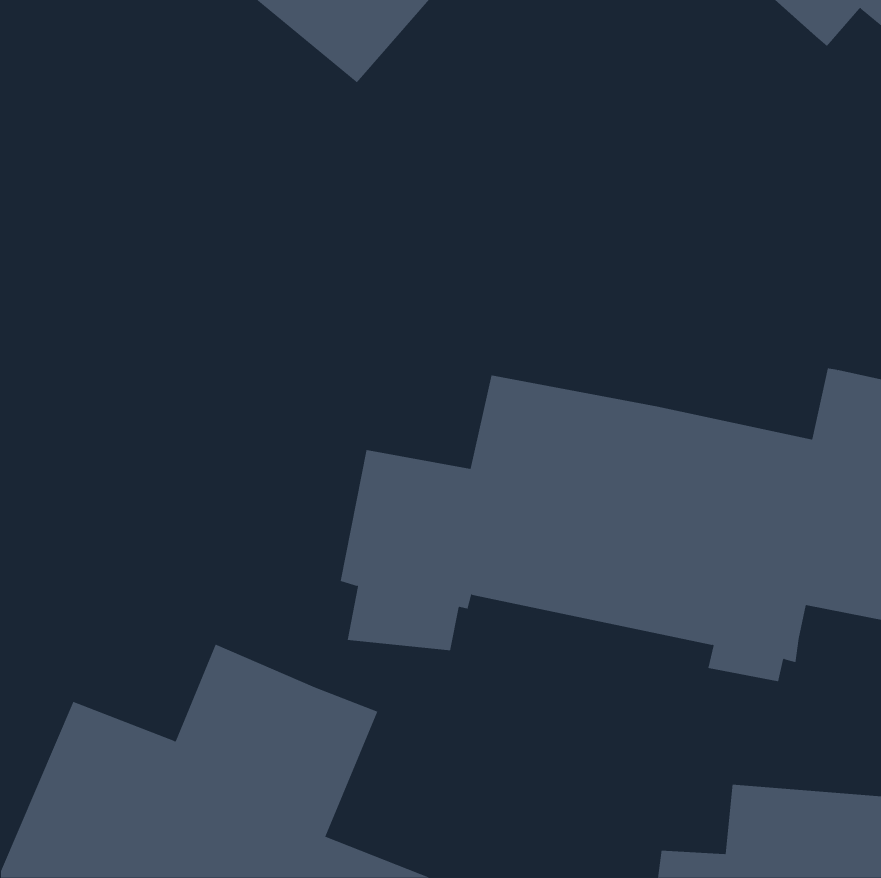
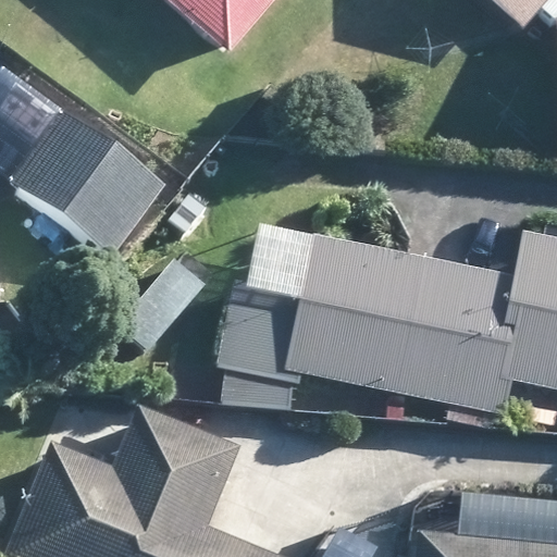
building: none -> [11,109,165,255]

